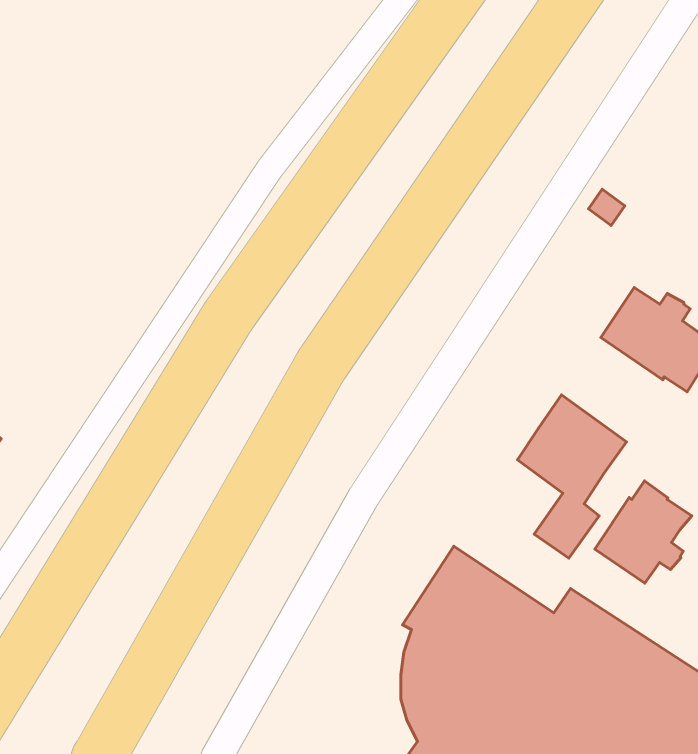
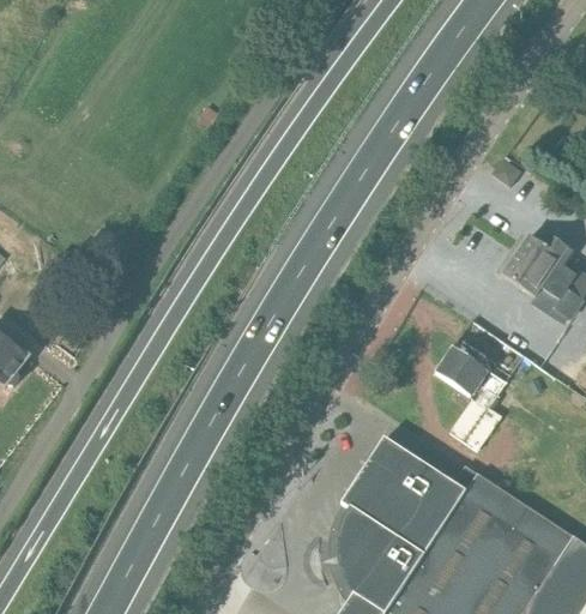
building: [595,481,692,583] -> none

